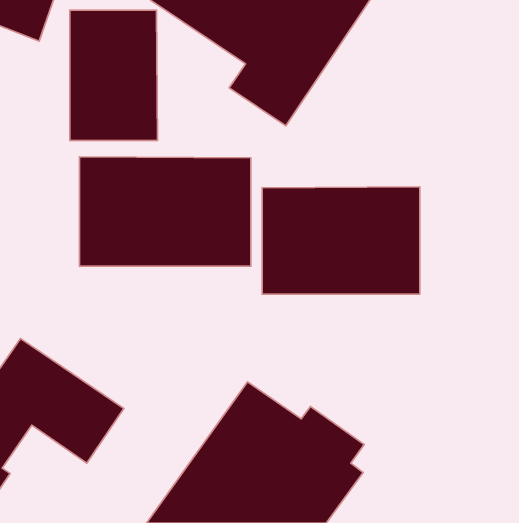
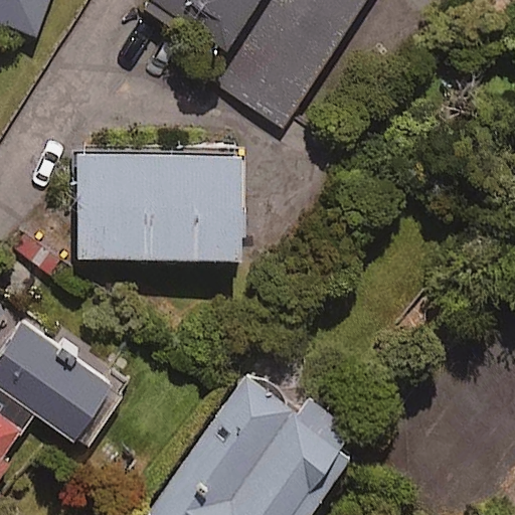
building: [70,10,157,140] -> none
building: [262,187,420,294] -> none

